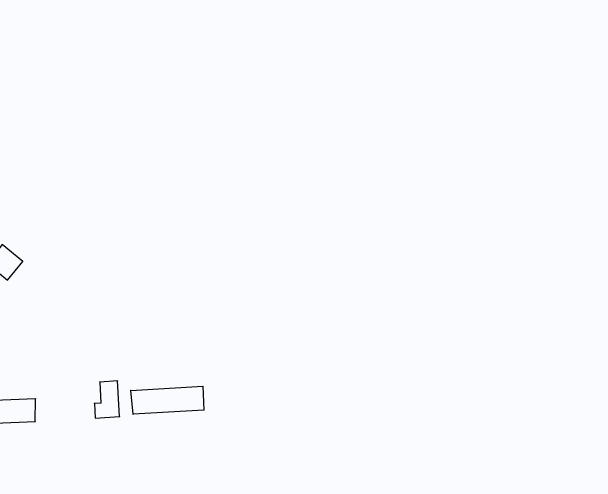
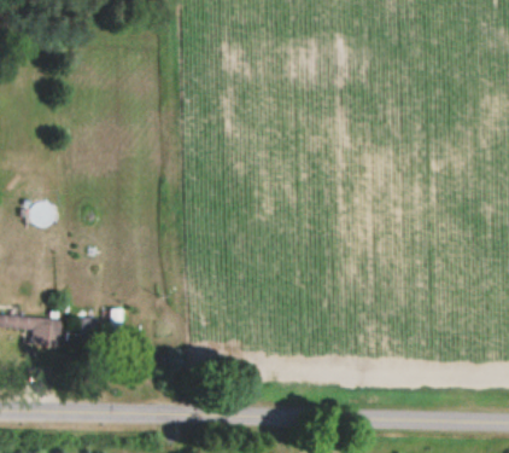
building: [131,386,204,414] -> none

